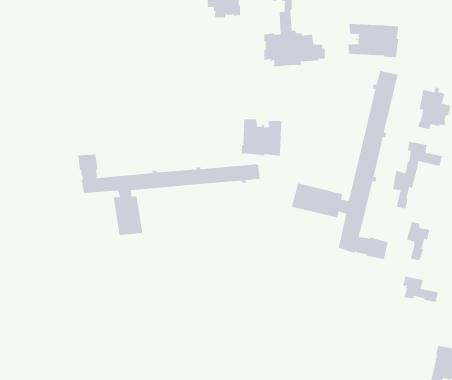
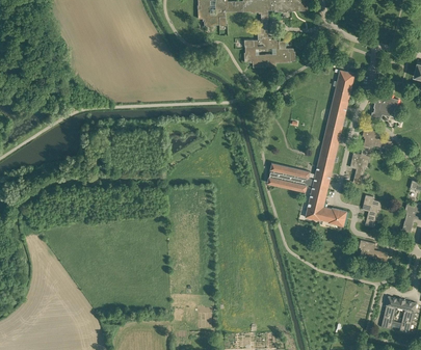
building: [348,23,399,58] -> none
building: [241,119,282,156] -> none
building: [78,154,260,236] -> none

